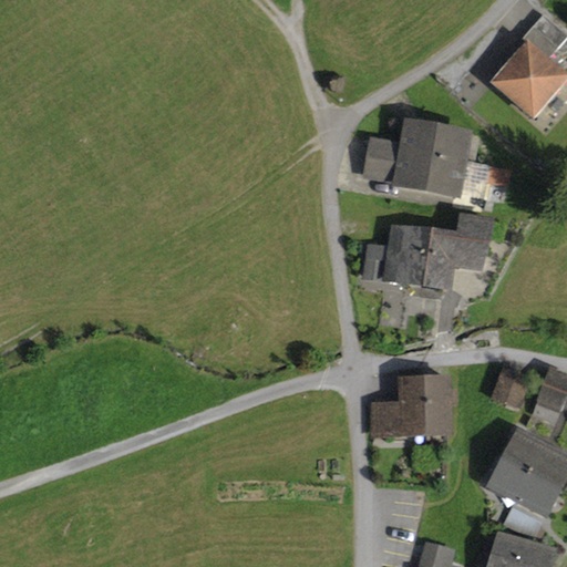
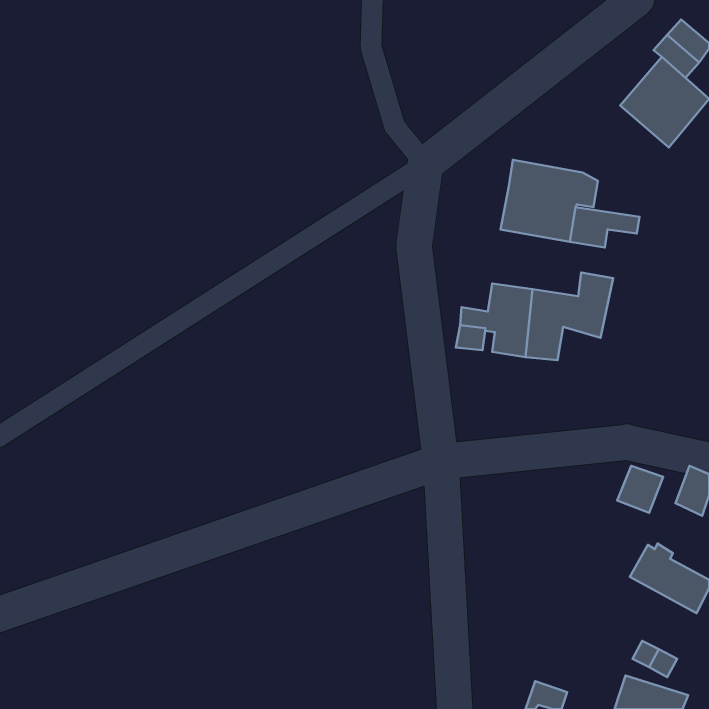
building: [367,143,405,183] -> none
building: [373,378,447,433] -> none
building: [487,460,555,513] -> none

